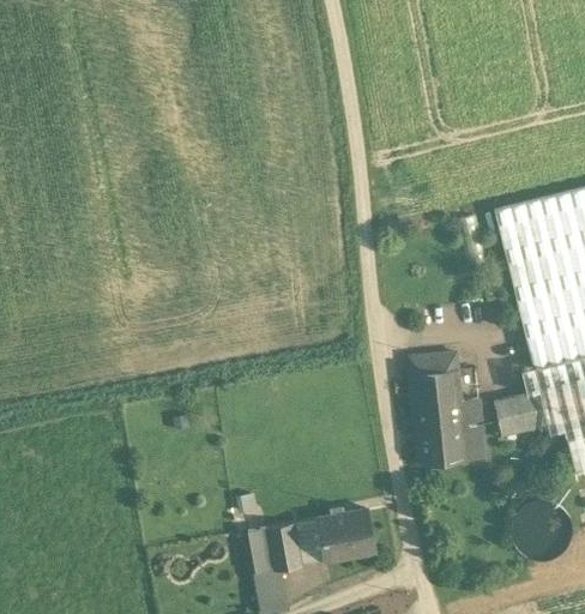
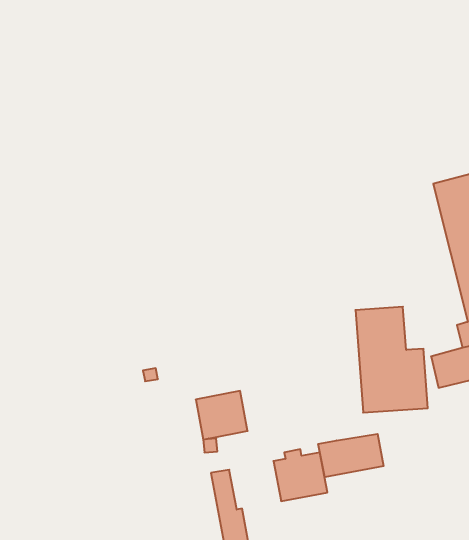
building: none -> [318,434,384,477]
building: [269,519,326,573] -> [196,391,248,440]

